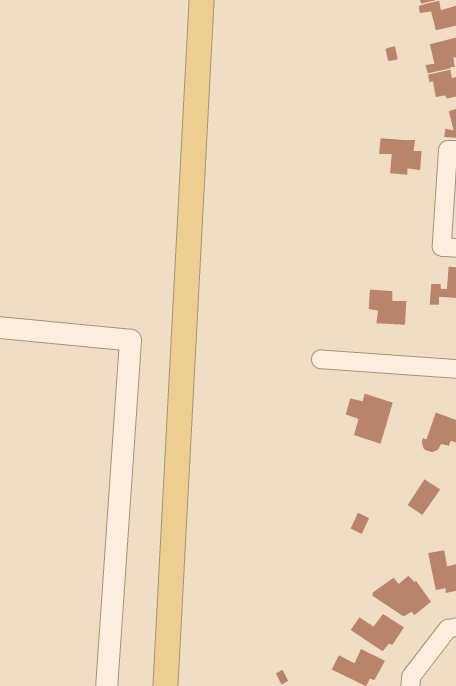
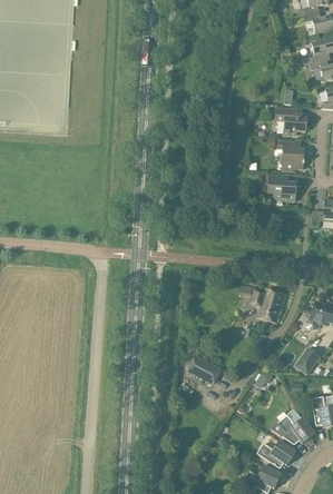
building: none -> [277,140,304,169]
building: [368,289,407,325] -> [267,174,295,199]
building: none -> [188,355,222,383]

